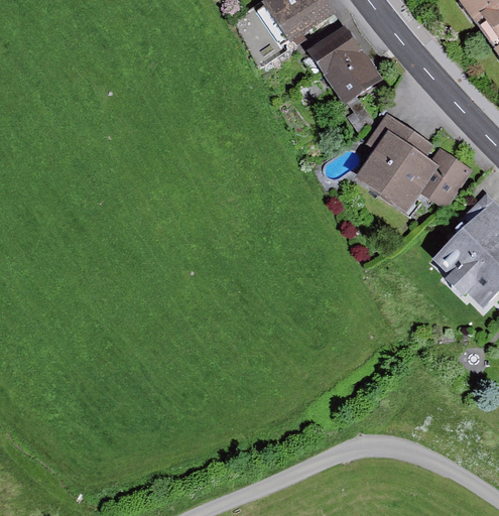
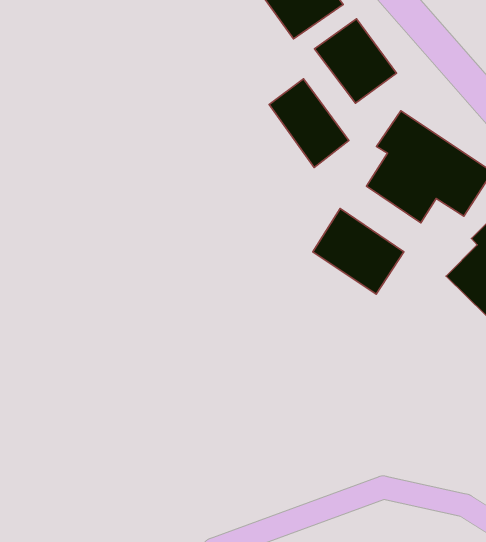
building: none -> [269,79,349,167]
building: none -> [313,209,404,294]

